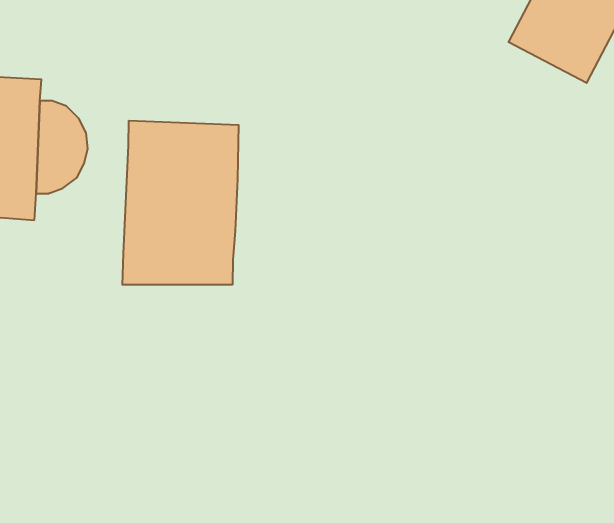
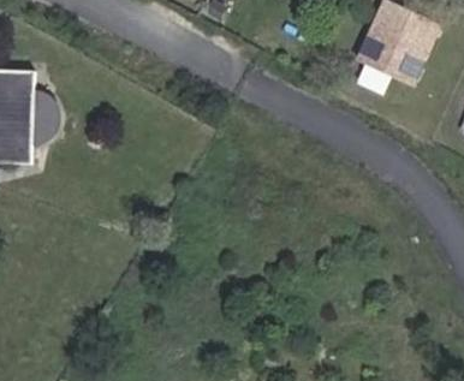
building: [122,121,239,285] -> none

